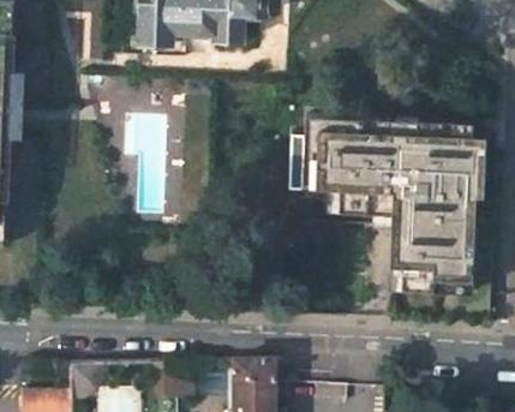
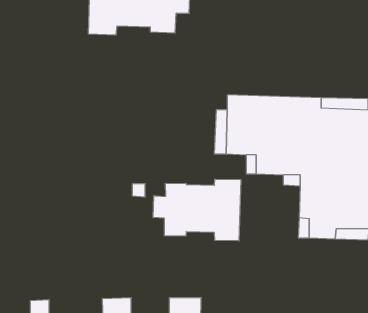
building: none -> [153,179,241,241]

